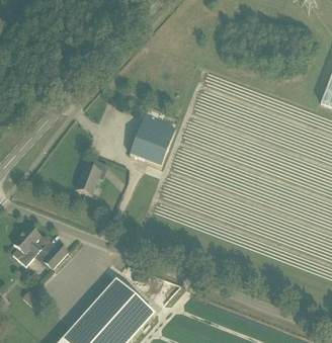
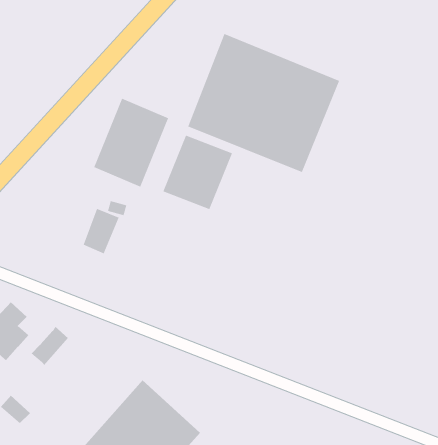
building: none -> [187,33,340,173]
building: none -> [93,98,169,188]

